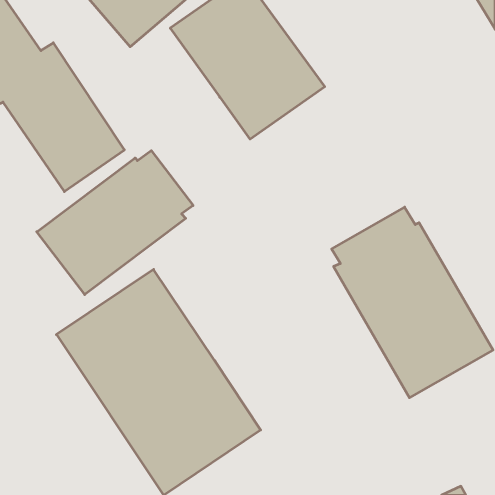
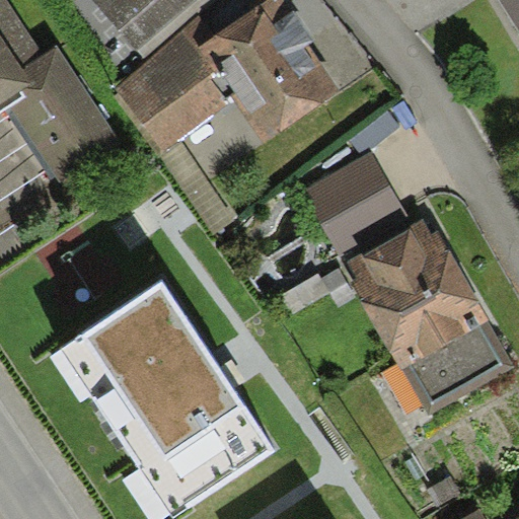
building: none -> [114,29,229,151]
building: none -> [301,151,406,254]
building: [37,151,193,295] -> none

